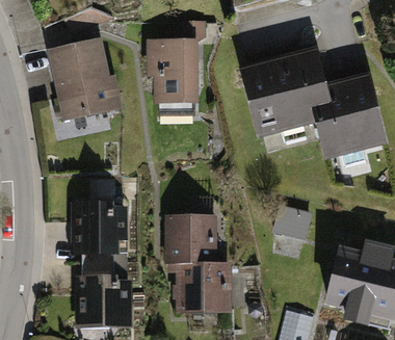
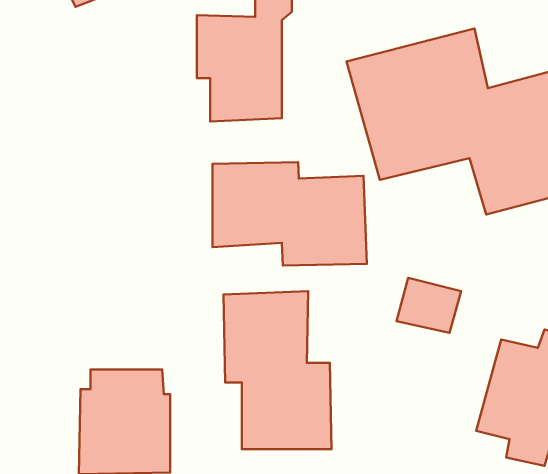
building: [49,42,125,123] -> none
building: none -> [213,162,367,266]
building: [71,198,130,262] -> none

